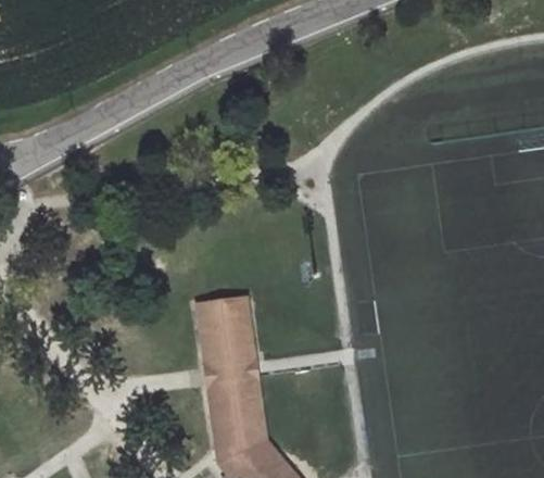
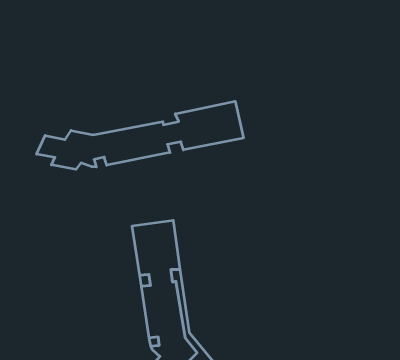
building: none -> [37,101,243,169]

